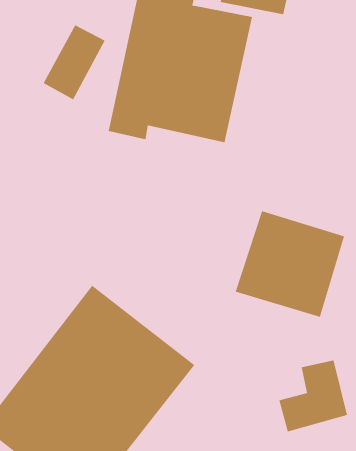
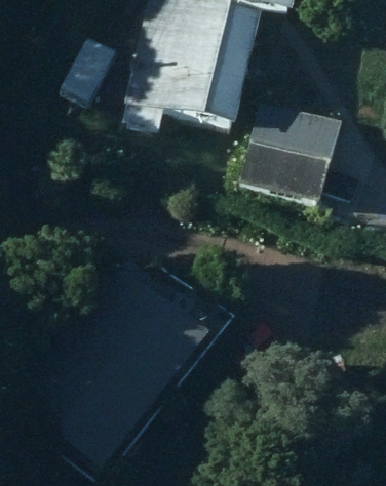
building: [235,211,345,317] -> [237,103,343,205]

